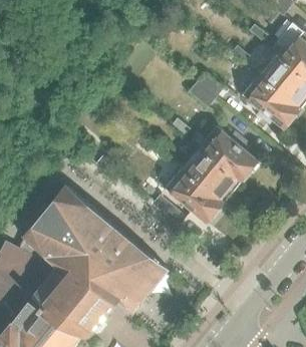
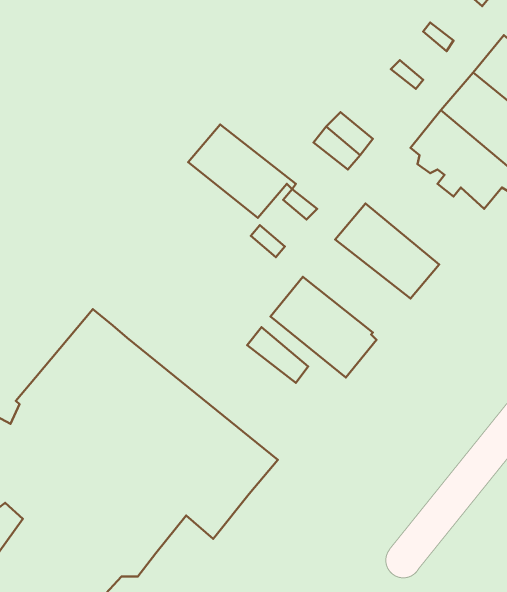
building: [182,146,242,199] -> [188,125,296,218]

